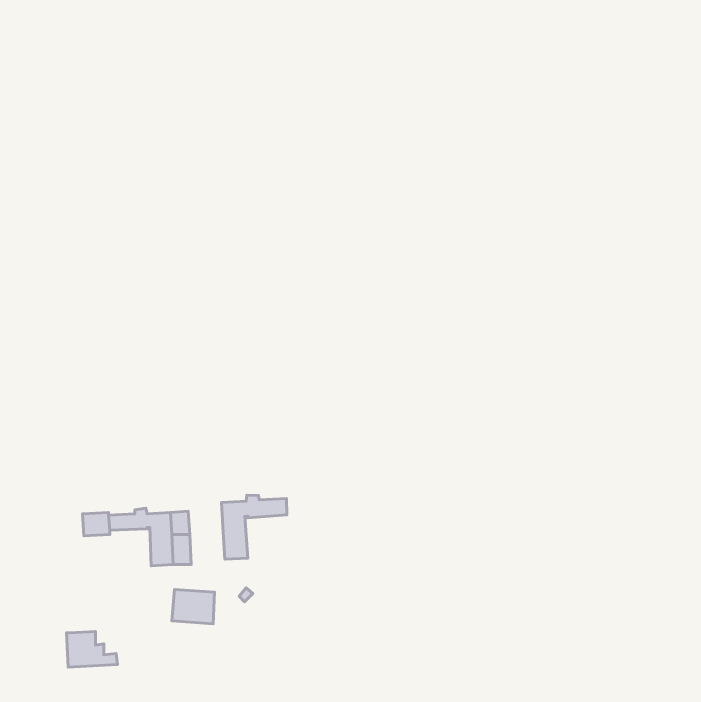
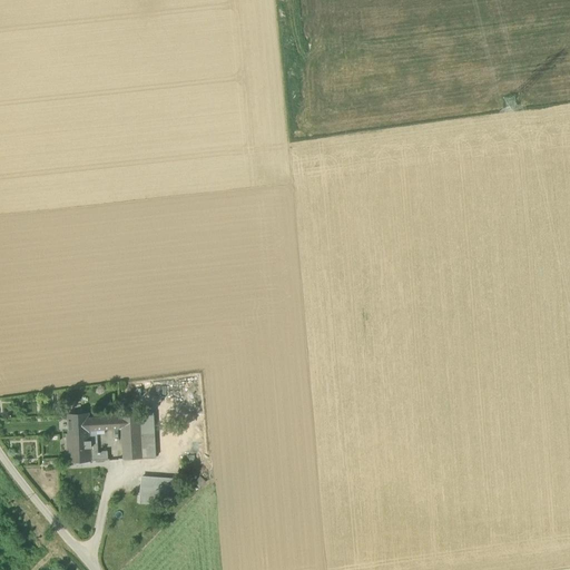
building: [222,495,287,559] -> none
building: [67,632,117,667] -> [66,433,107,462]

